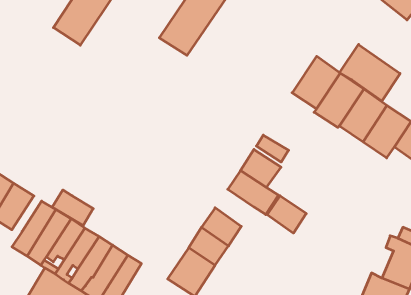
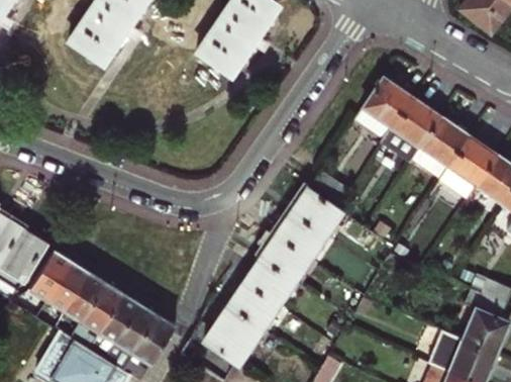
building: [340,44,400,101] -> none
building: [52,190,93,226] -> none
building: [267,196,306,233] -> [263,235,309,280]

